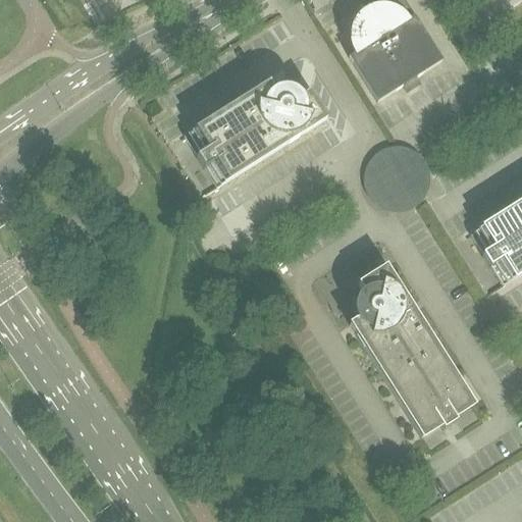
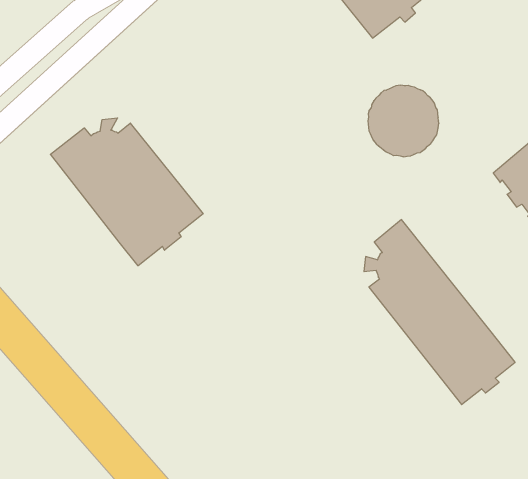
building: [184,76,327,182] -> none
building: none -> [50,118,203,266]

